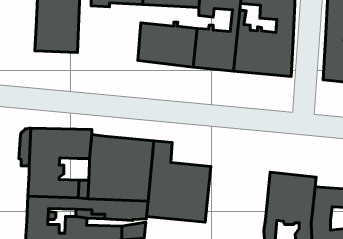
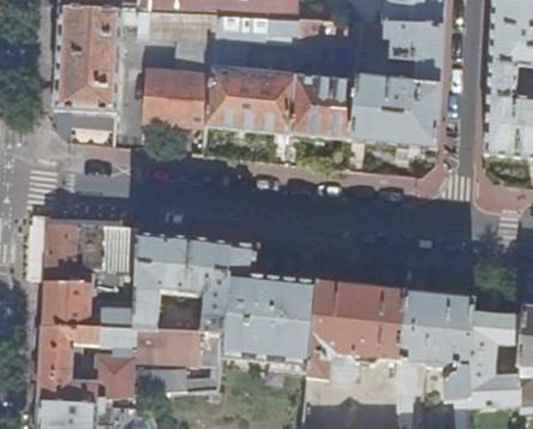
building: none -> [145,46,214,123]
building: none -> [307,281,406,381]

